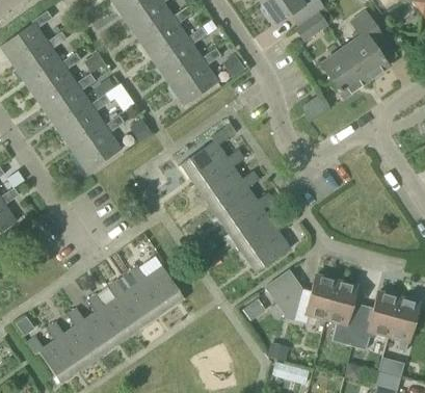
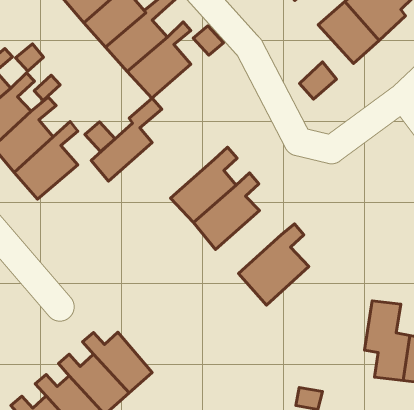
building: [178,123,237,183] -> [91,98,162,181]
building: [219,192,274,247] -> none
building: [129,264,185,316] -> none
building: [266,270,336,323] -> none

